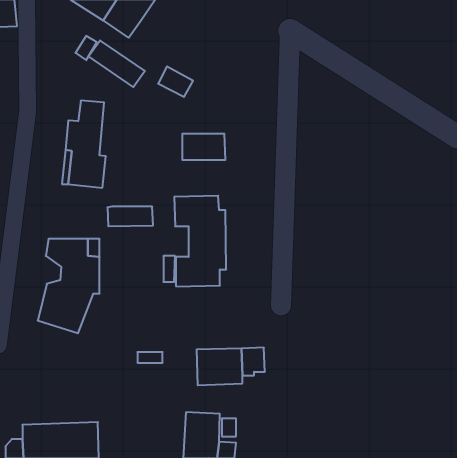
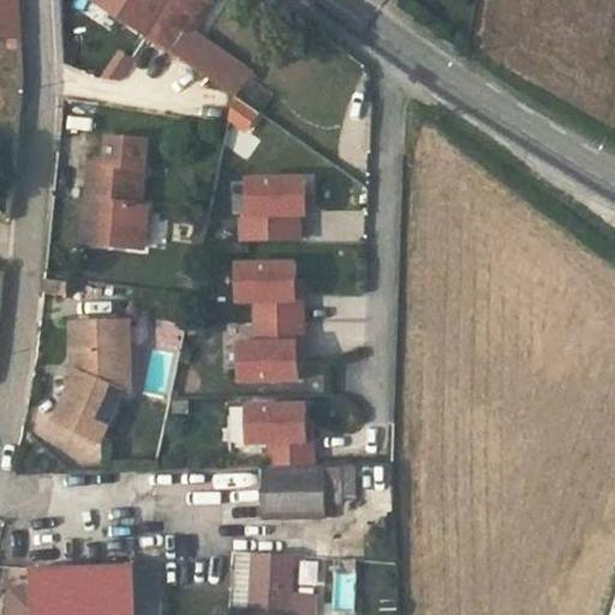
building: [88,40,145,87] -> [172,29,247,91]
building: [107,207,153,226] -> [238,214,299,240]
building: none -> [243,405,312,465]

